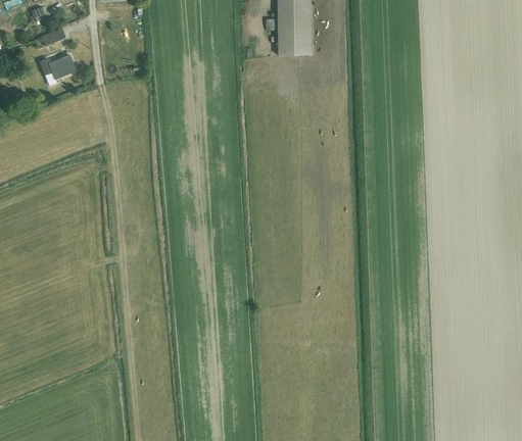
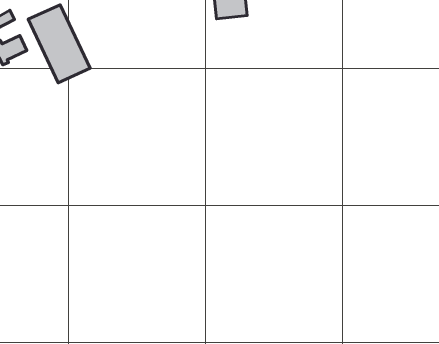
building: none -> [28,5,90,83]

